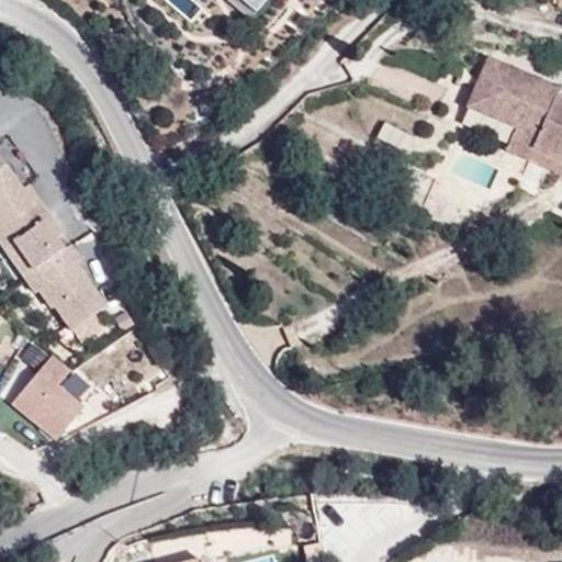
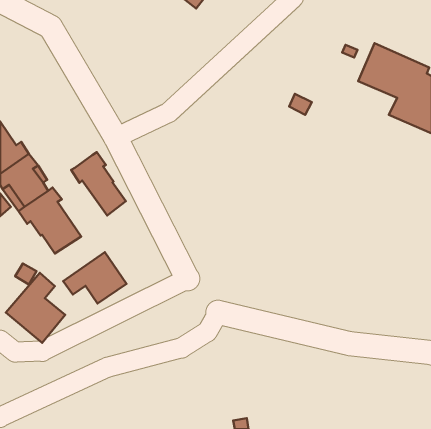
building: none -> [71,152,126,216]
building: none -> [63,252,127,304]

